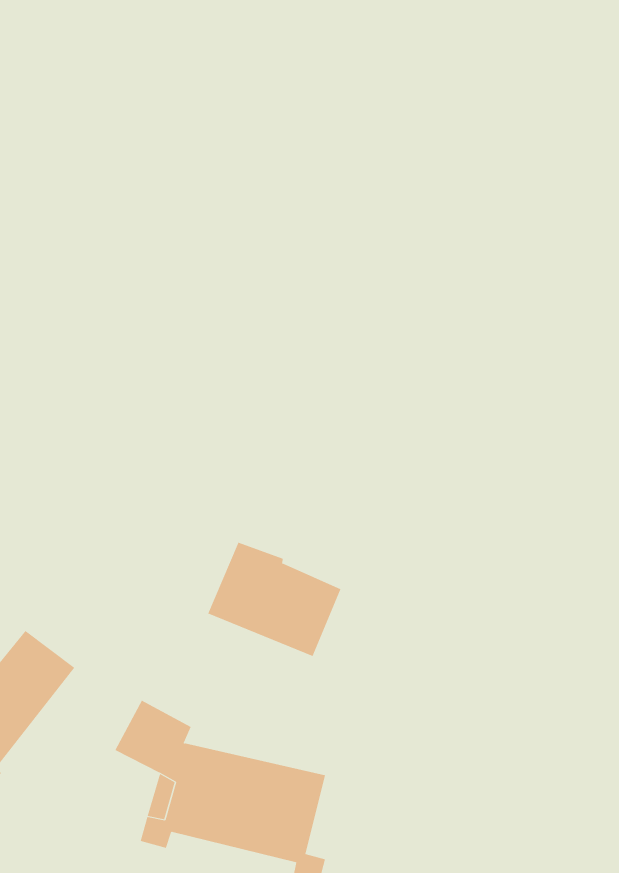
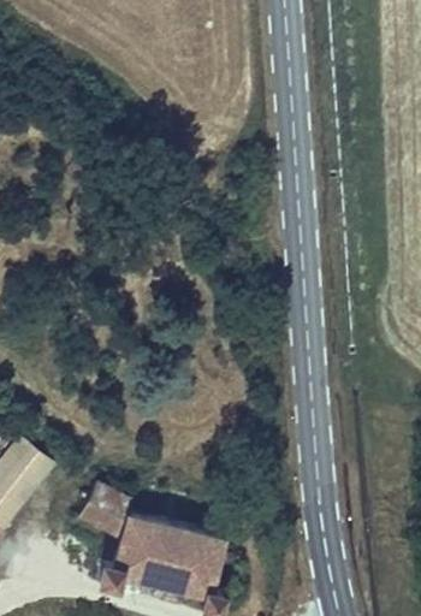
building: [207,542,341,657] -> none

